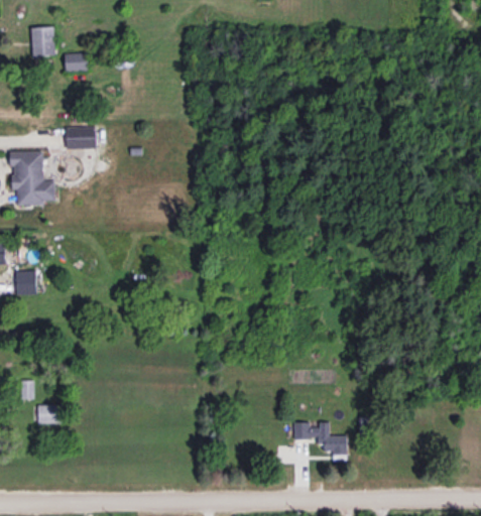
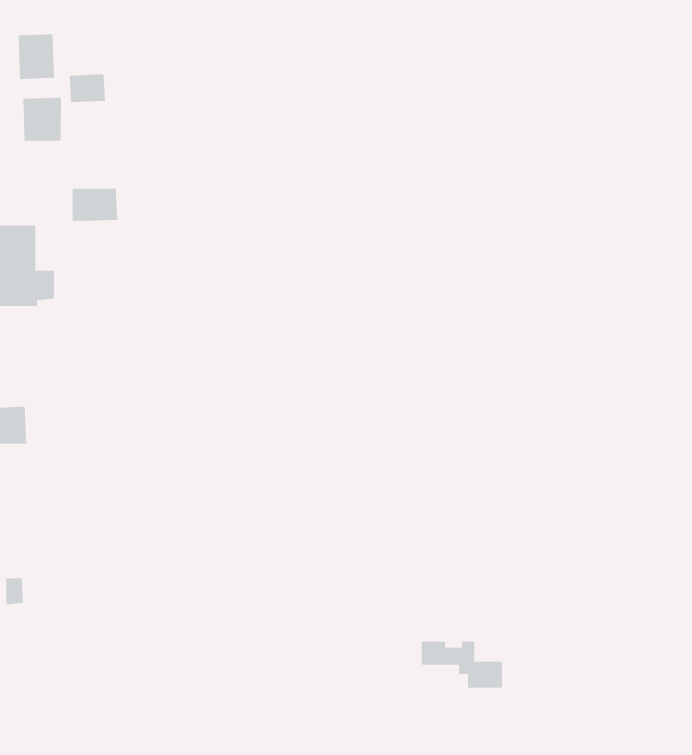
building: none -> [22,97,62,141]
building: [37,404,63,423] -> none

